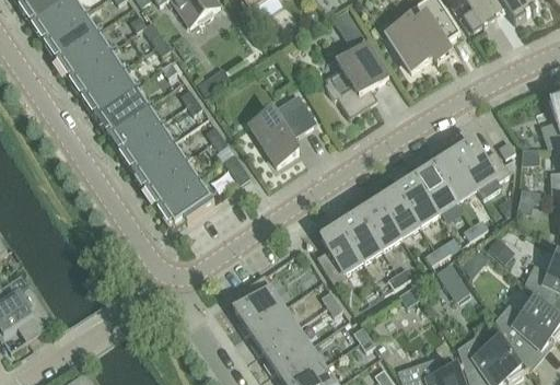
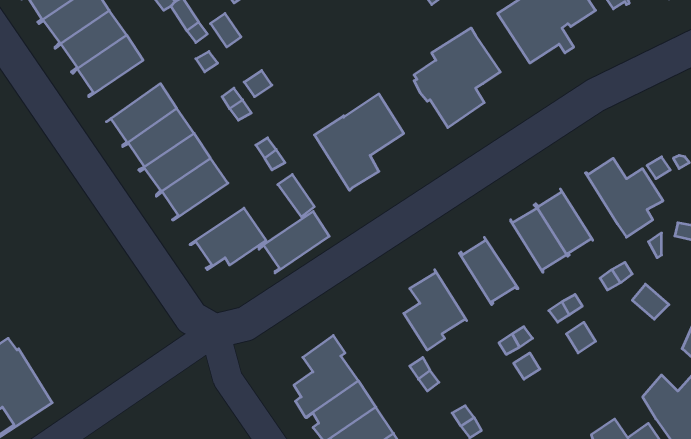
building: [81,67,135,113] -> none
building: [433,151,476,201] -> none
building: [144,159,197,205] -> [259,211,329,273]
building: [376,187,420,237] -> none
building: [339,211,382,261] -> none

